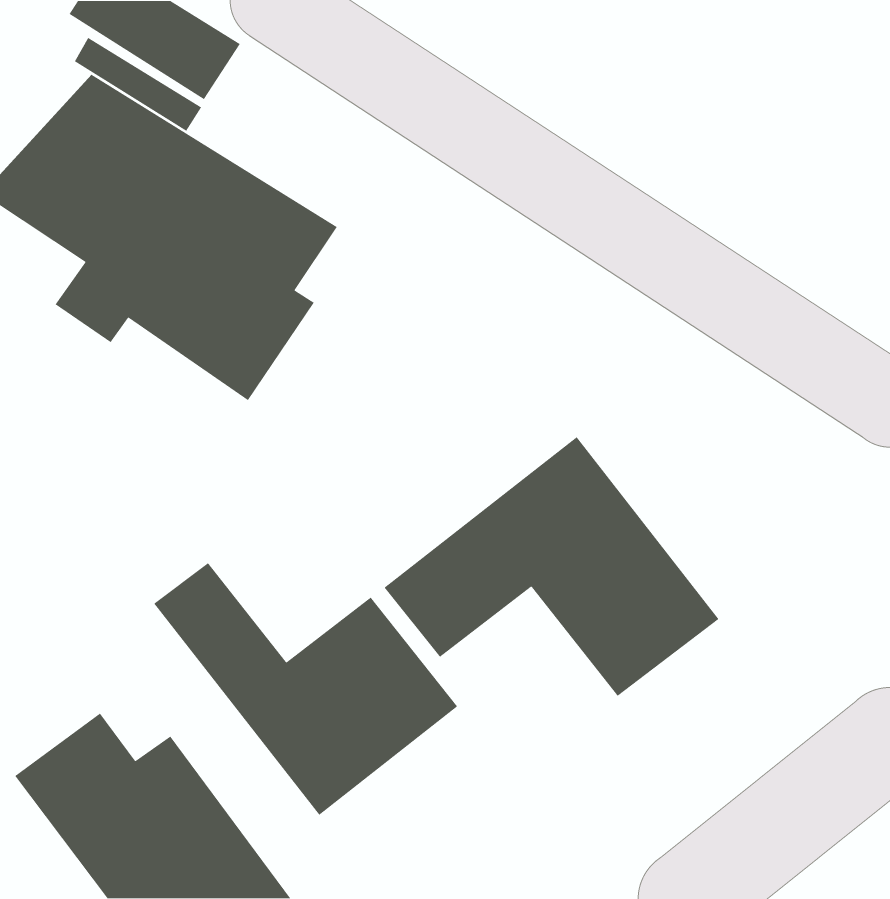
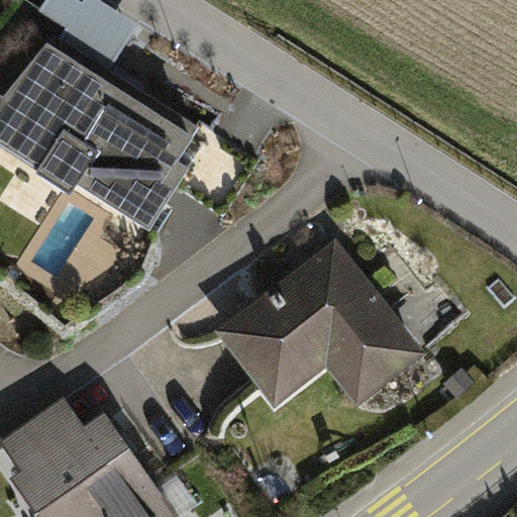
building: [153,562,458,816] -> none

